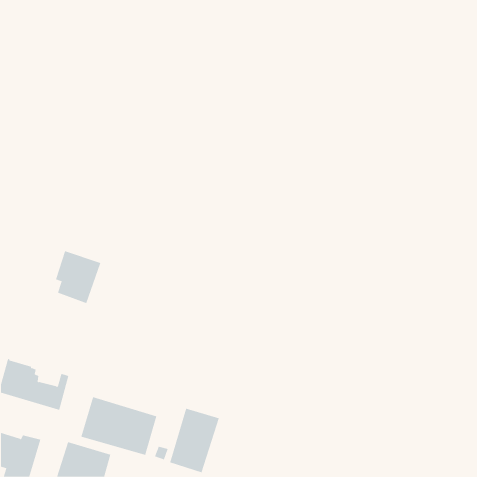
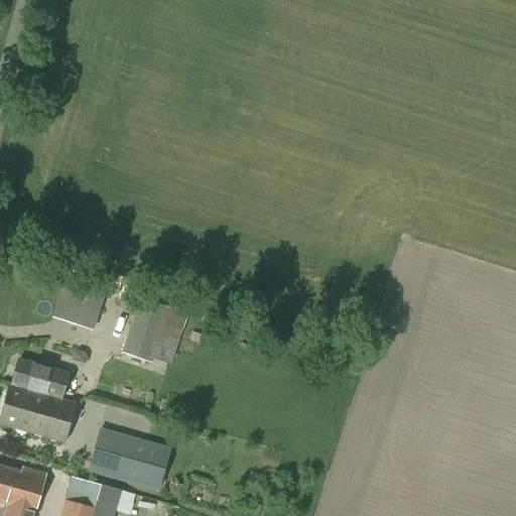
building: none -> [122,296,188,363]
building: none -> [9,358,77,416]
building: [169,408,219,473] -> none

